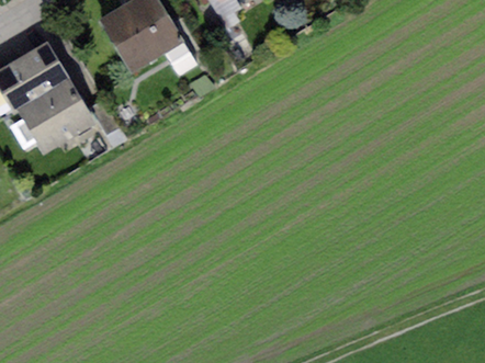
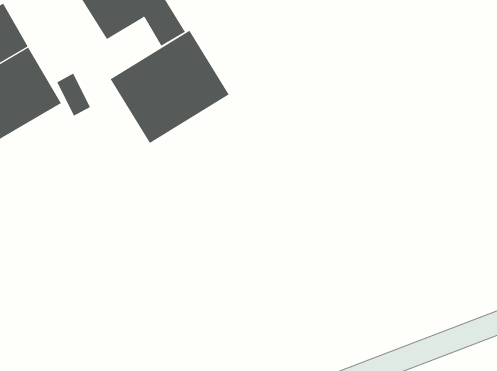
building: none -> [110,30,230,144]

